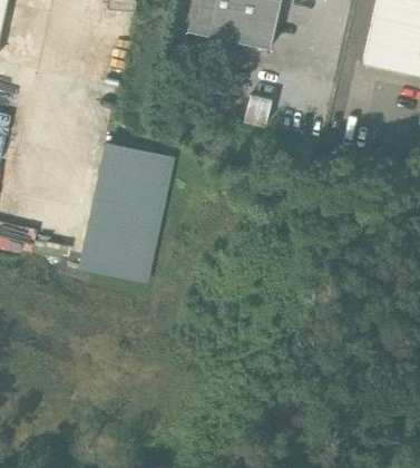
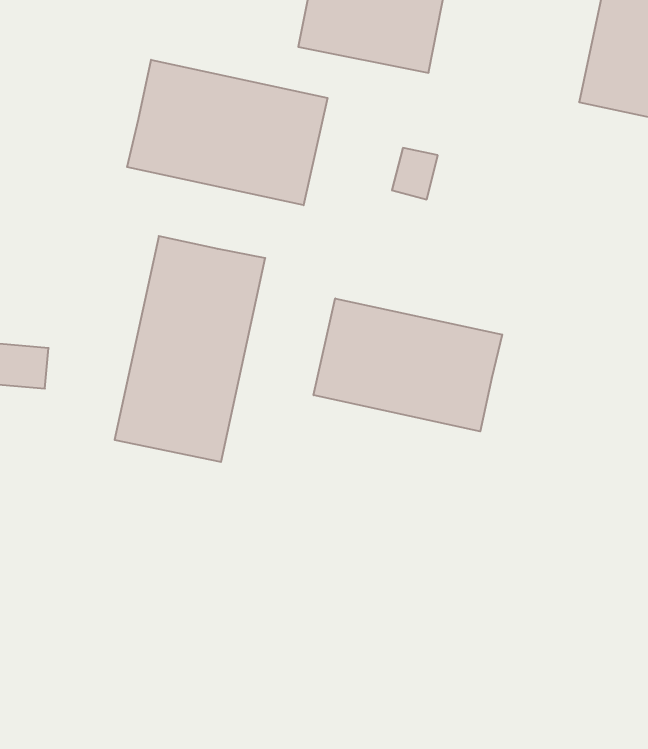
building: none -> [127,60,328,205]
building: none -> [314,298,502,431]

